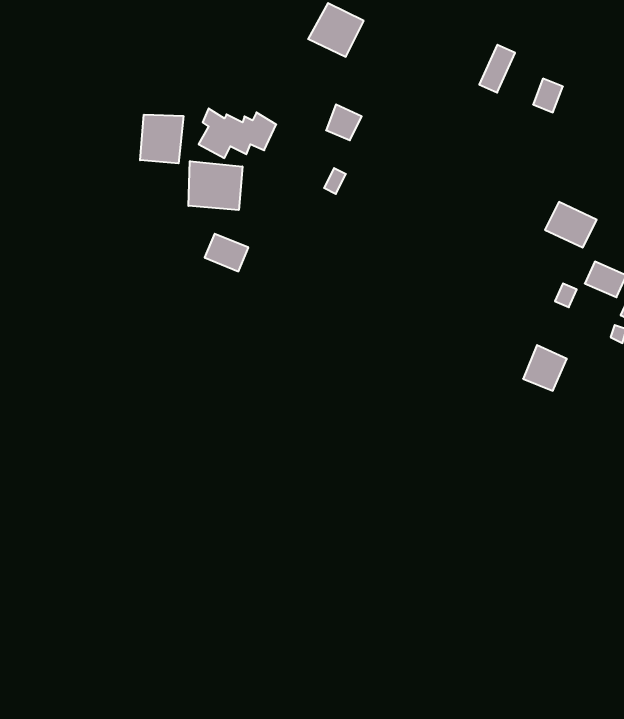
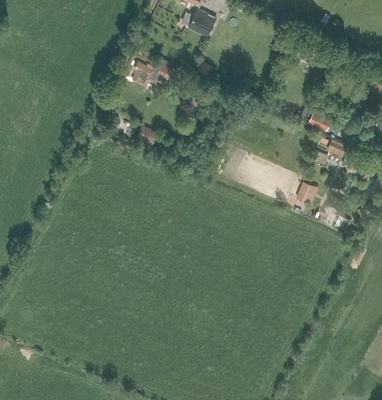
building: [140,115,183,163] -> none
building: [188,161,242,210] -> none

